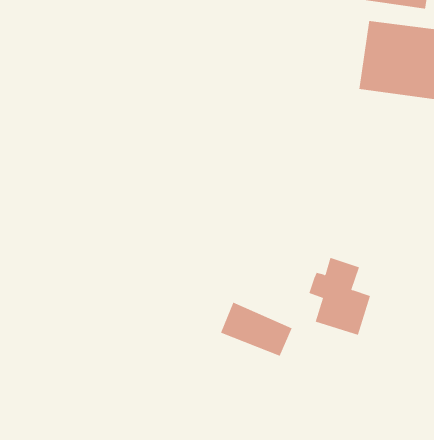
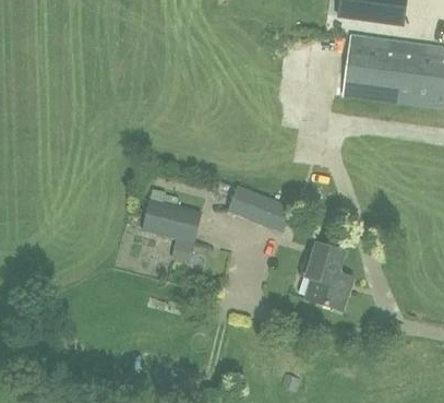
building: none -> [141,198,201,242]
building: [220,302,293,357] -> [228,185,291,233]

